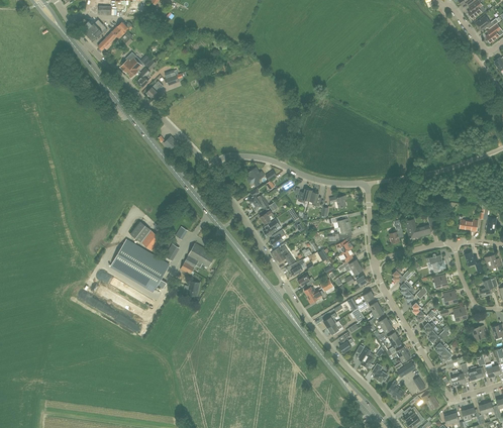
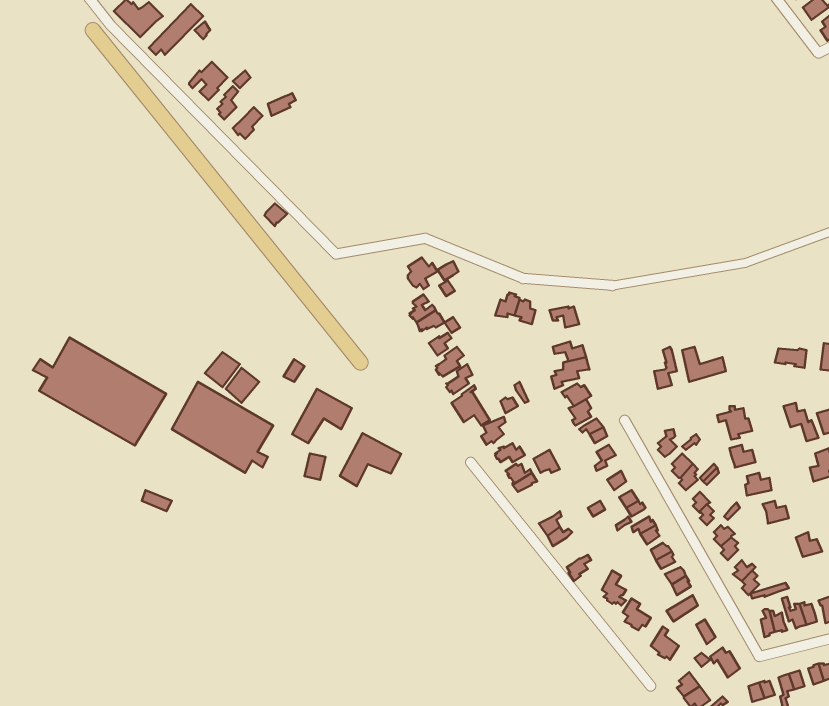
building: none -> [33,338,166,445]
building: none -> [340,433,401,486]

